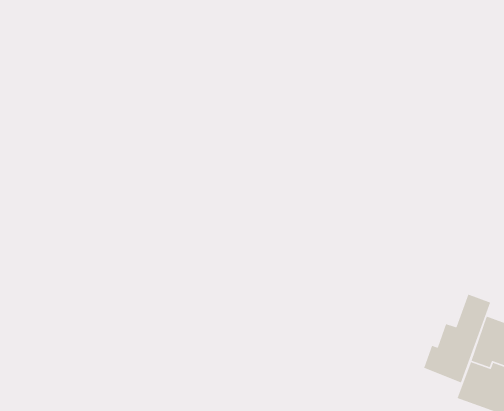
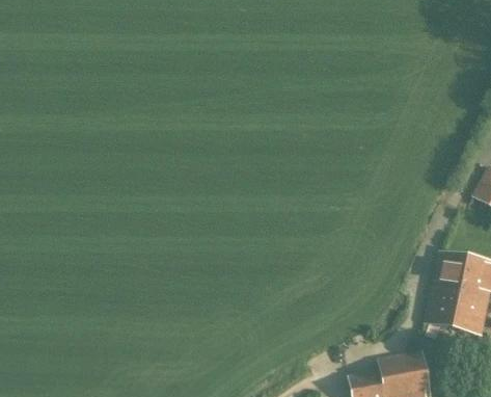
building: [423,294,491,383] -> none

